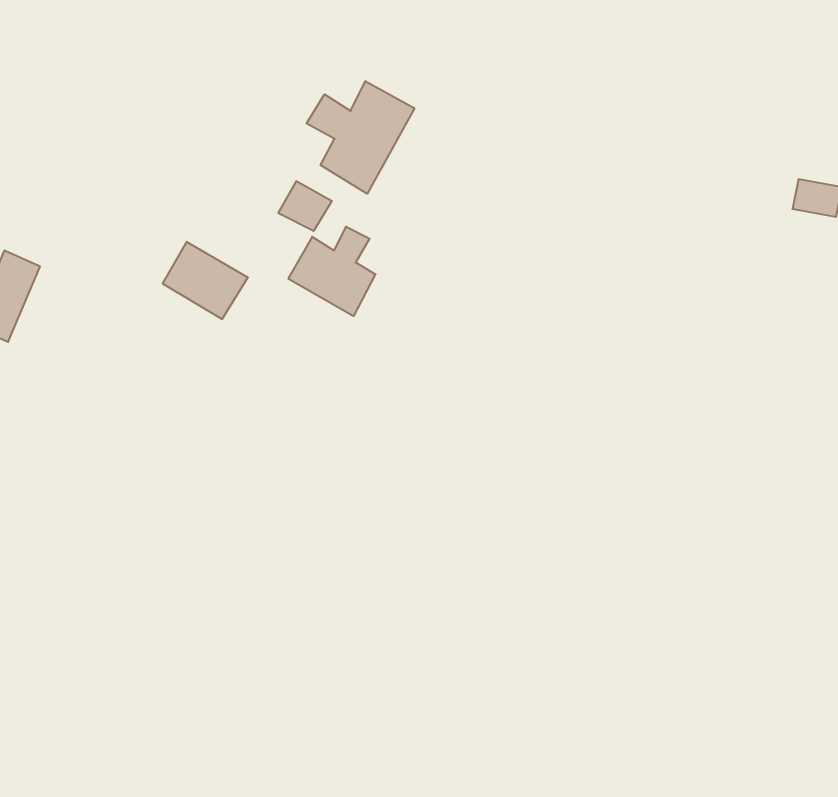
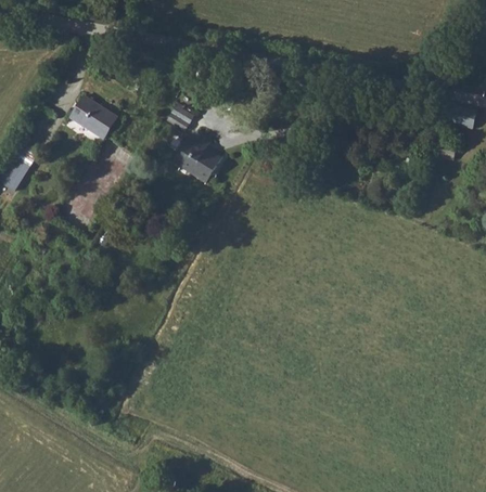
building: [306,81,414,194] -> none
building: [163,242,248,319] -> [68,95,115,138]

